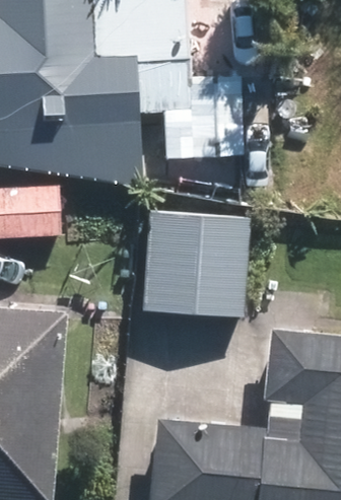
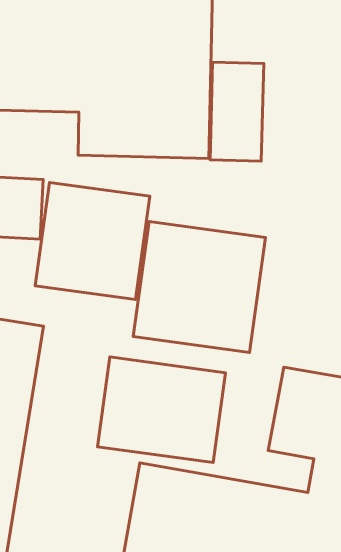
building: none -> [35,183,150,300]
building: none -> [98,357,226,463]

